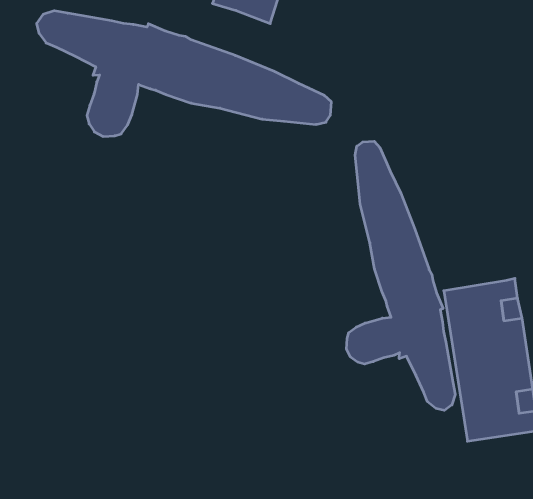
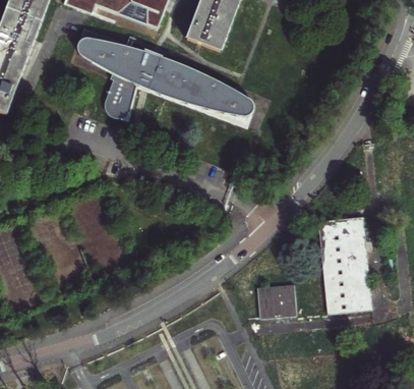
building: [347,141,455,410] -> none
building: none -> [254,284,295,318]

